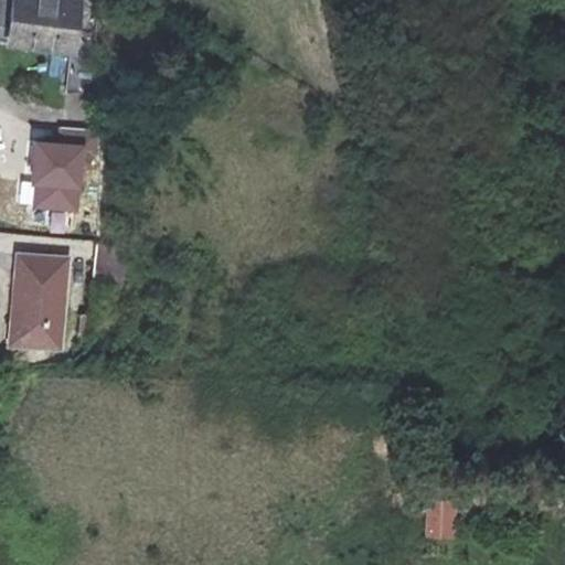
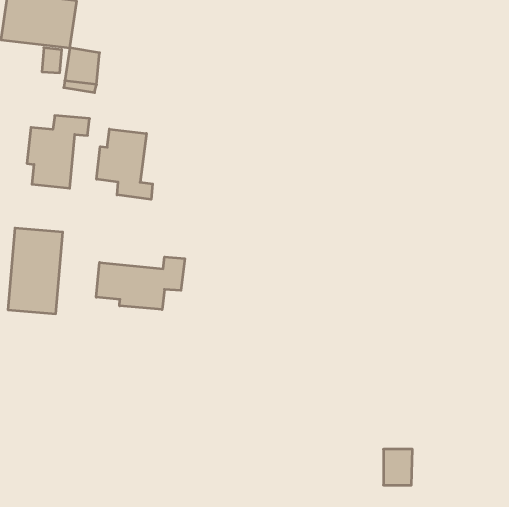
building: none -> [97,129,153,199]
building: none -> [96,257,185,310]

